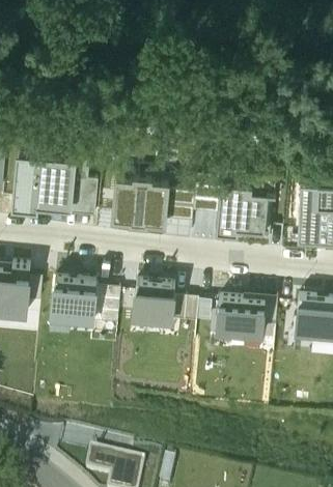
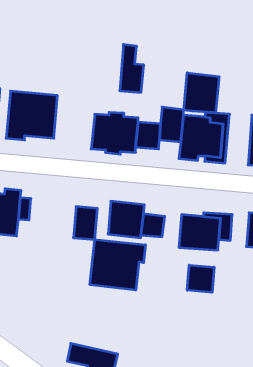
building: none -> [184,73,219,113]
building: [68,156,96,212] -> [120,44,144,92]
building: [50,282,95,326] -> none
building: none -> [90,239,145,290]
building: none -> [187,265,214,292]

